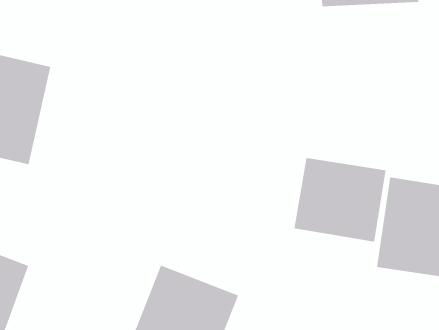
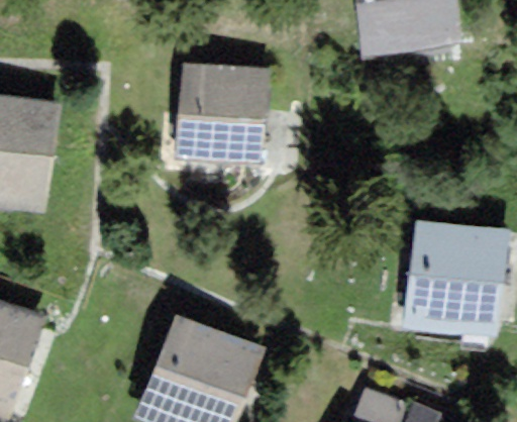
building: none -> [174,68,272,161]
building: [294,157,387,243] -> none

